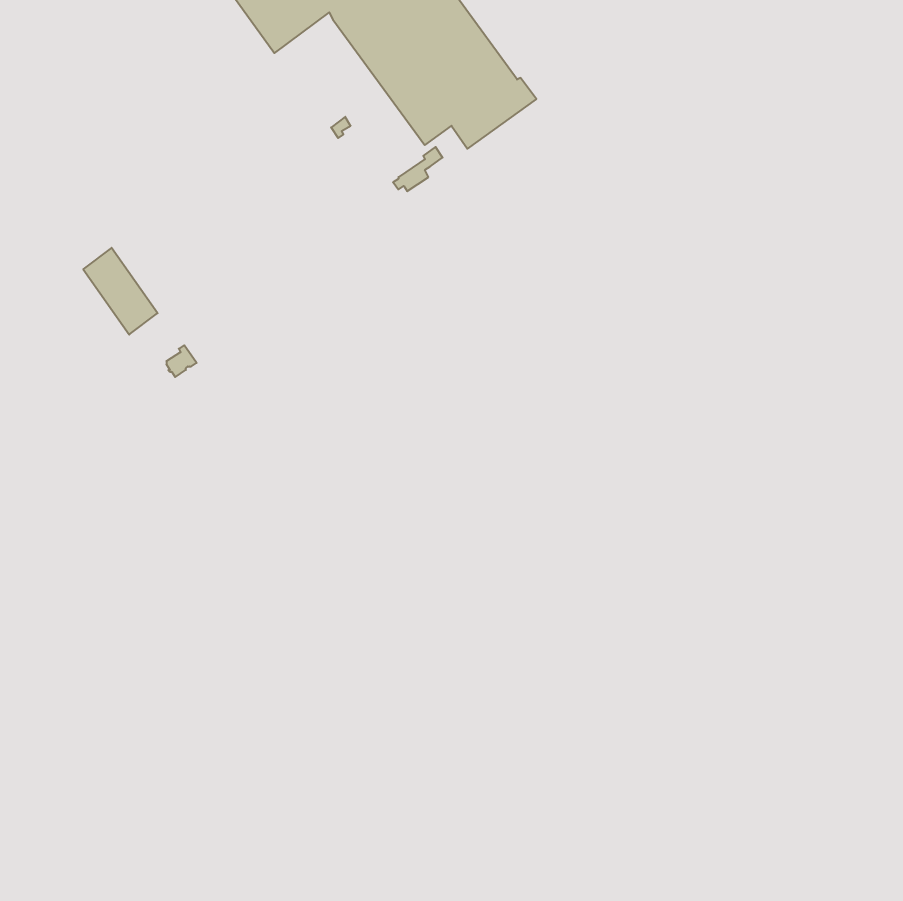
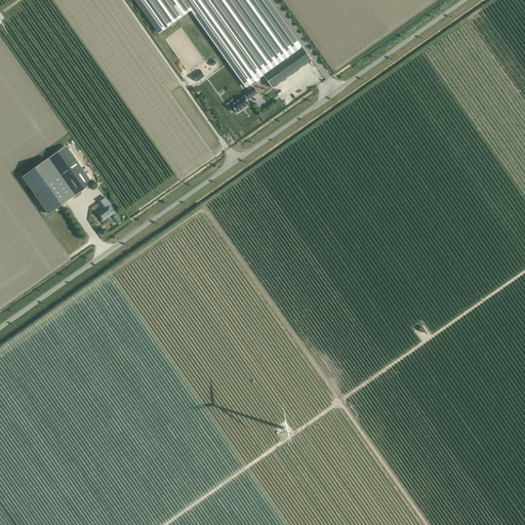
building: none -> [22,157,74,212]

